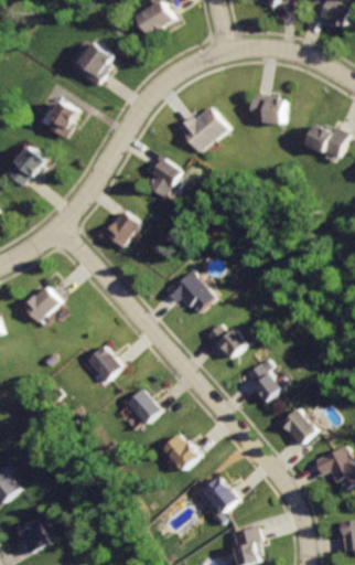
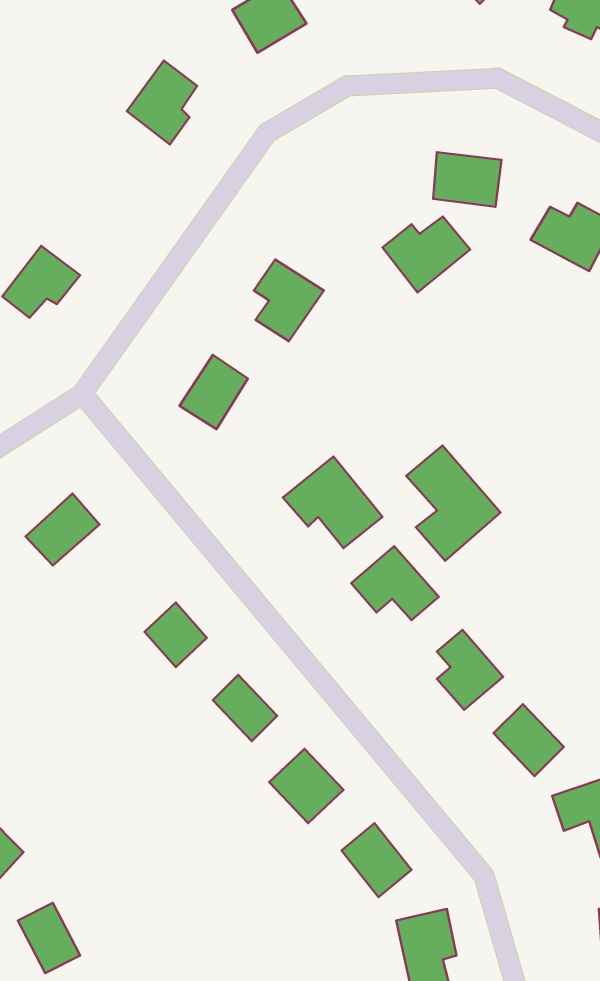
building: [43,100,80,141] -> none
building: [175,109,225,152] -> [382,216,470,292]
building: none -> [406,445,501,561]

